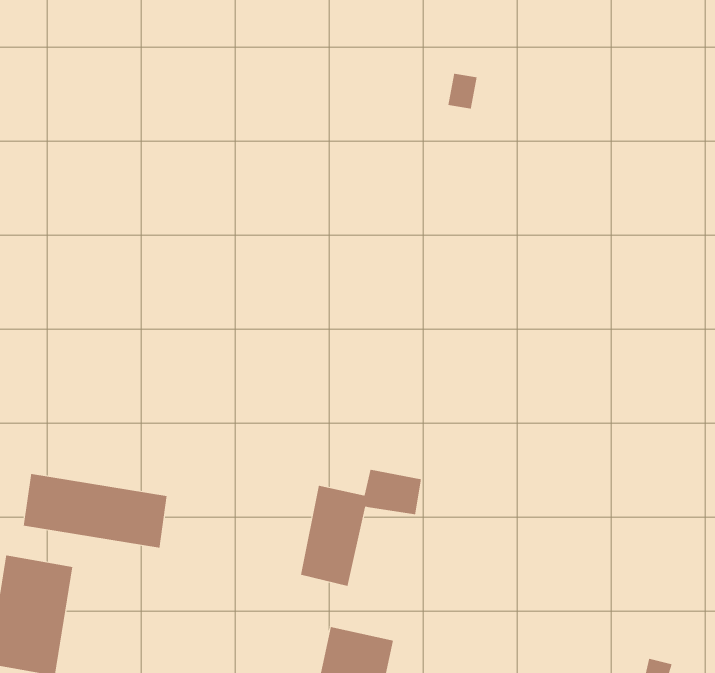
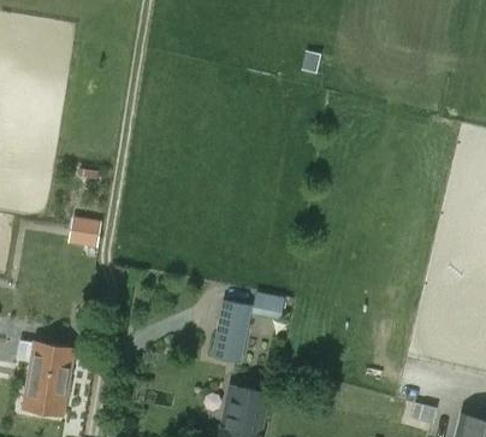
building: none -> [71,218,102,248]
building: [23,473,167,549] -> none

